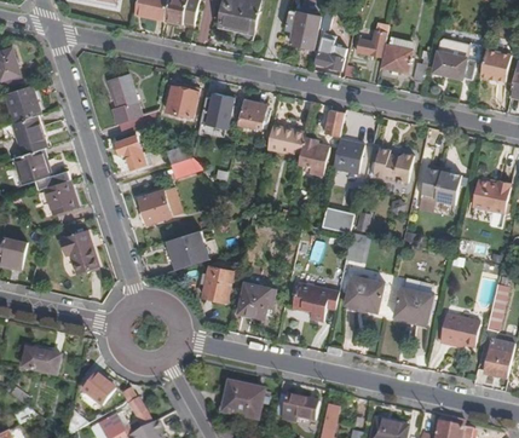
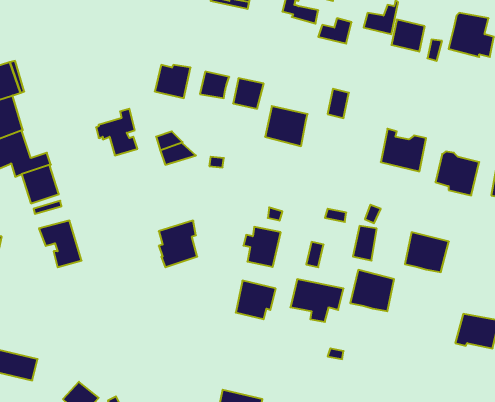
building: [108,76,146,132] -> none
building: [298,137,329,177] -> none
building: [331,139,362,172] -> none
building: [139,191,171,223] -> none
building: [200,266,233,302] -> [243,227,281,267]
building: [394,286,434,322] -> [405,232,449,272]

